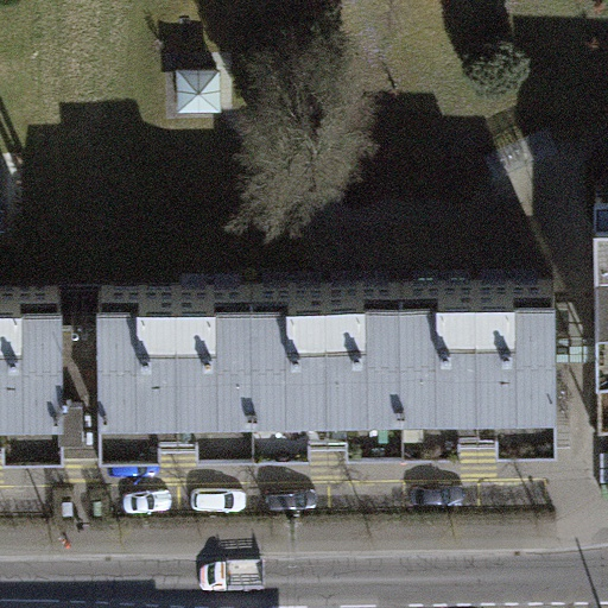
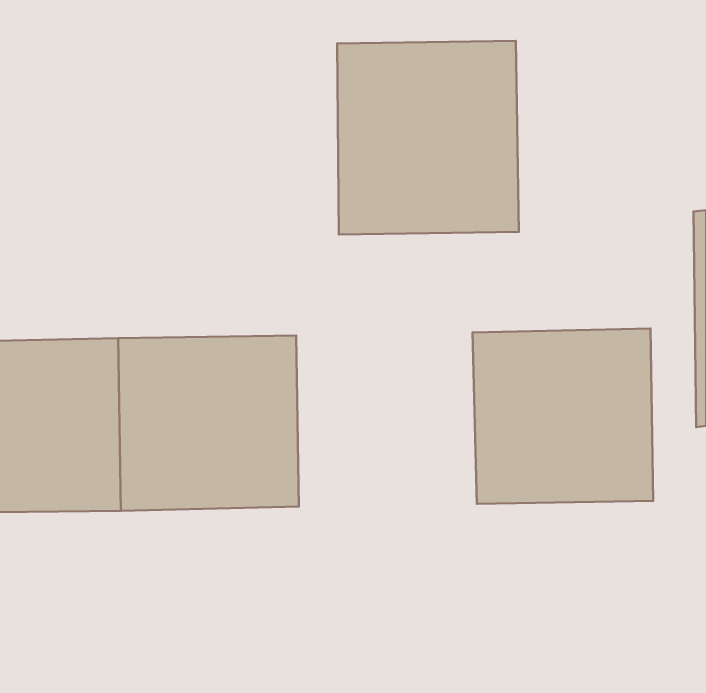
building: none -> [337,41,519,235]
building: [253,299,407,448] -> none

